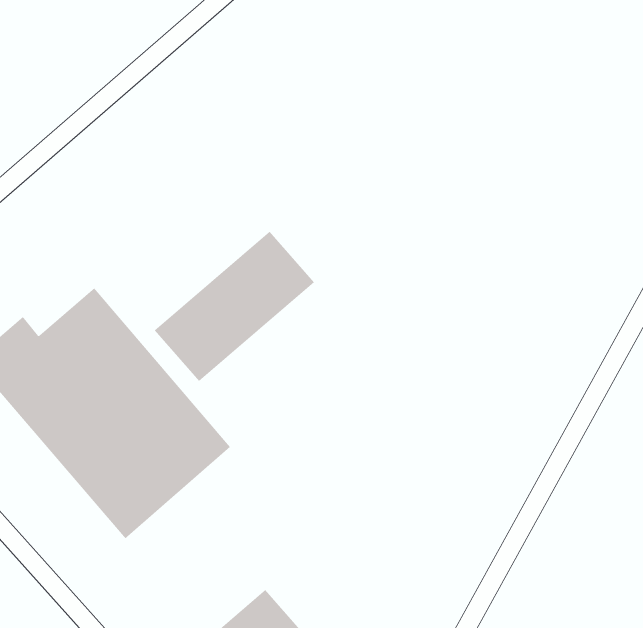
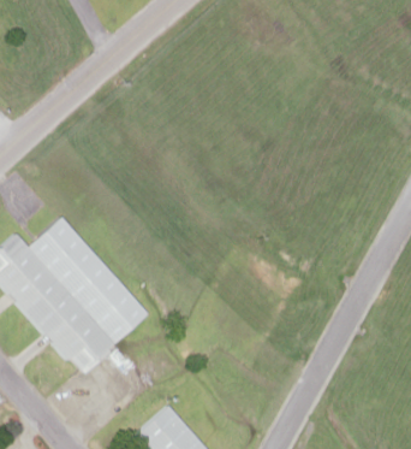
building: [154,231,315,382] -> none

